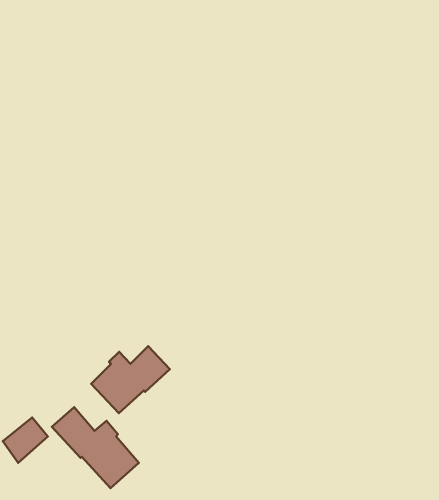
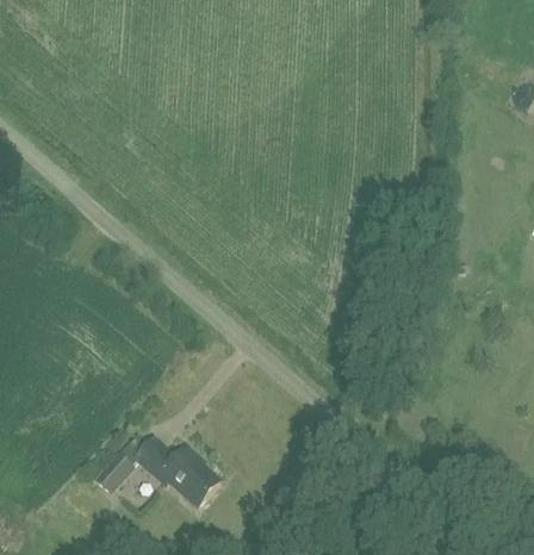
building: [91,346,170,413] -> none

